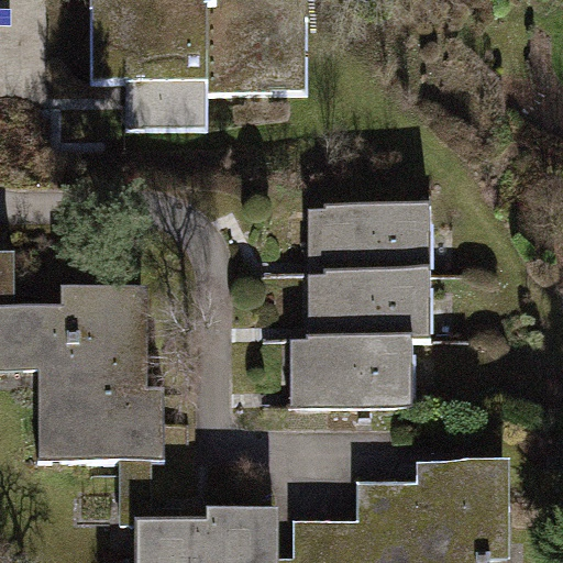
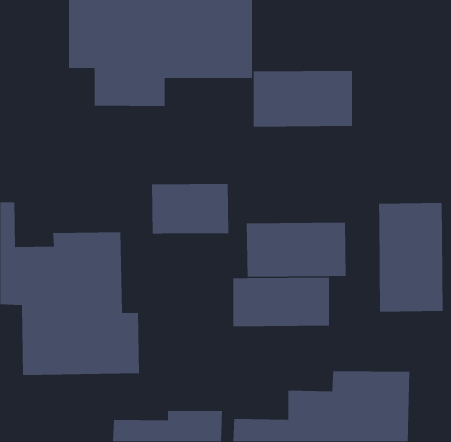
building: [306,206,430,277] -> [253,70,353,128]
building: none -> [151,183,229,234]
building: none -> [378,202,444,313]

